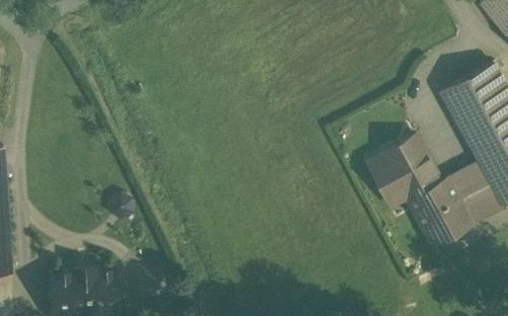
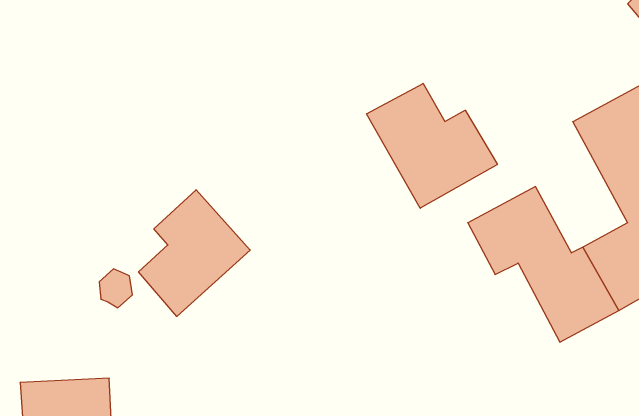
building: none -> [367,83,497,208]
building: none -> [139,190,250,316]

